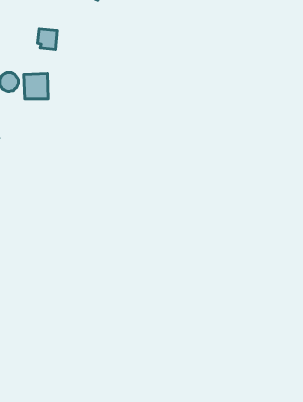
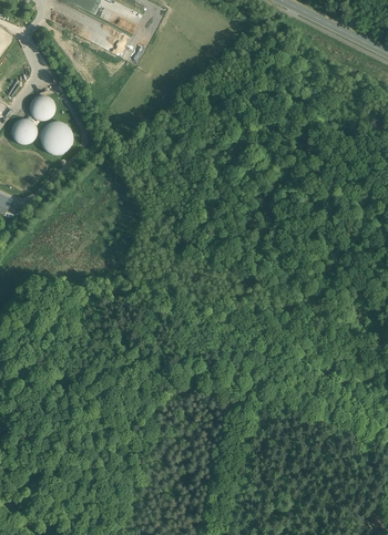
building: [37,29,57,50] -> [30,95,54,121]

